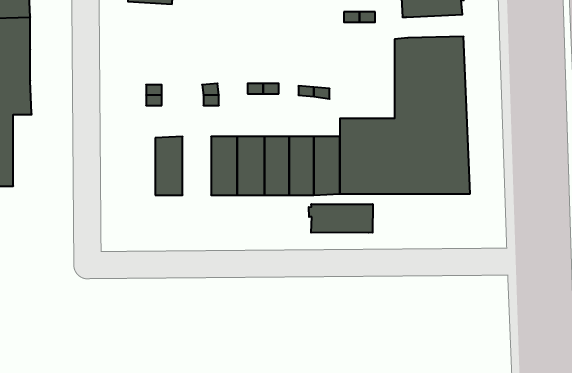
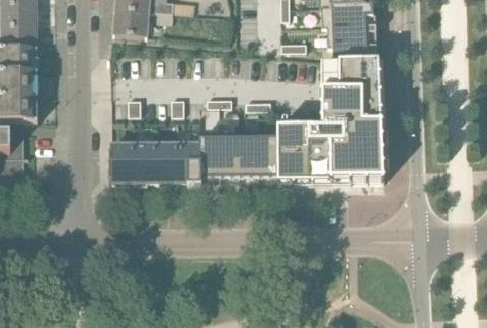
building: none -> [330,40,376,59]
building: none -> [156,136,178,181]
building: none -> [111,137,135,182]
building: [309,204,373,233] -> none

